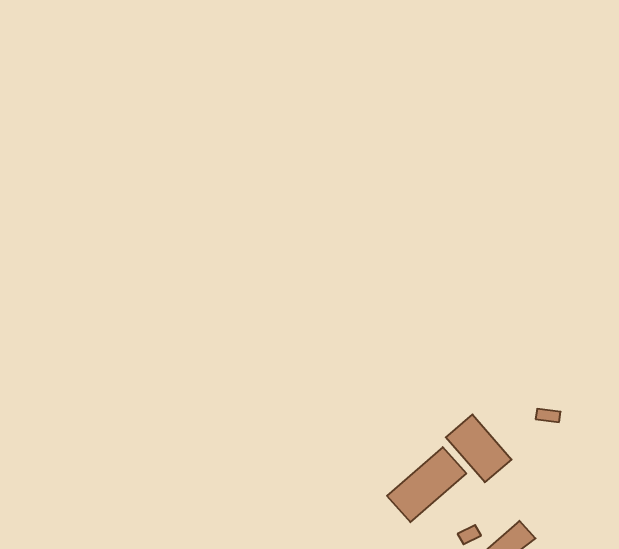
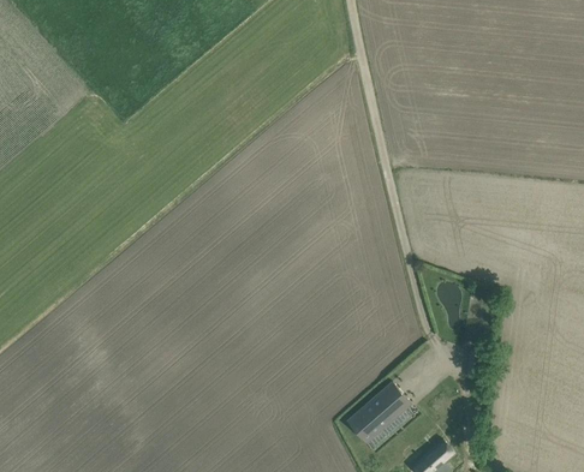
building: [446,414,512,482] -> none

